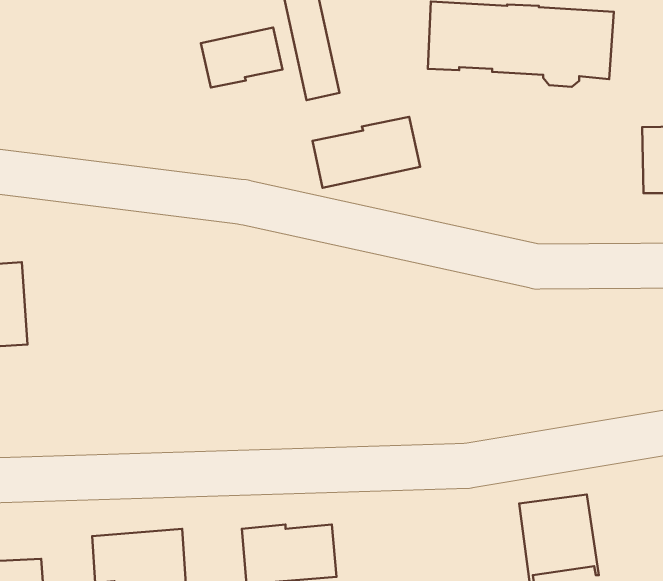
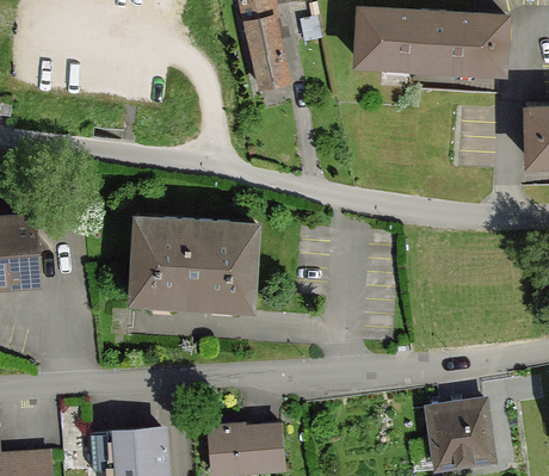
building: [201,27,282,88] -> none
building: [312,117,420,188] -> none
building: none -> [134,218,255,303]

